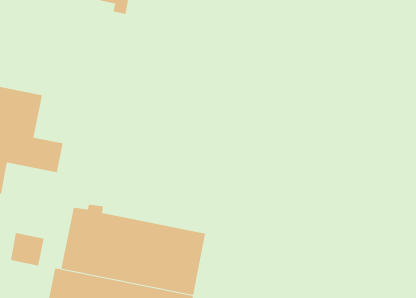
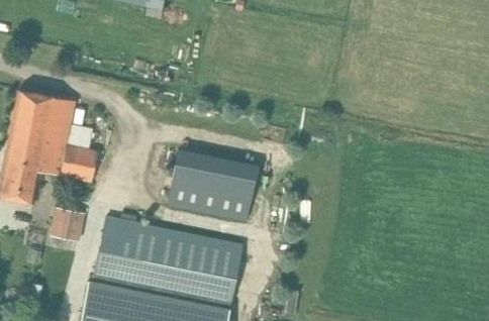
building: none -> [167,150,258,222]
building: [10,233,45,266] -> [51,208,86,242]

